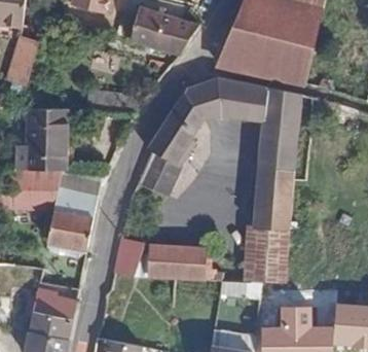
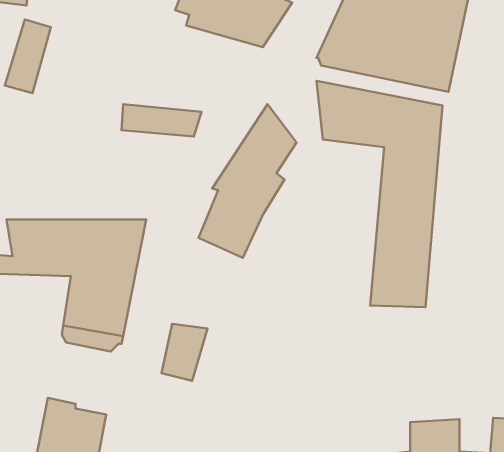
building: [184,77,221,118] -> none
building: [16,108,66,170] -> none
building: [242,227,290,282] -> none
building: [150,245,217,281] -> none

